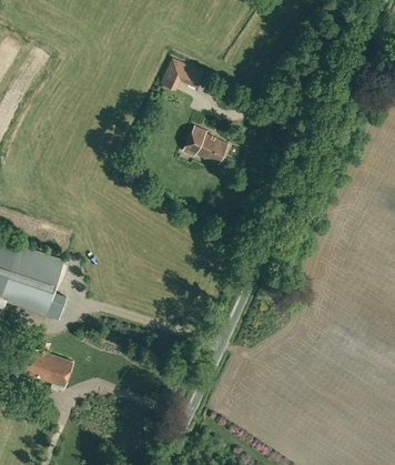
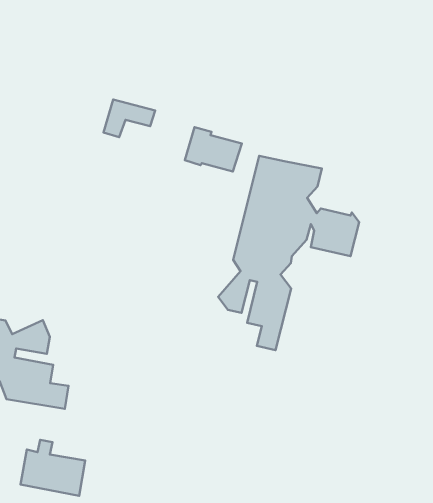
building: [161,61,202,90] -> [104,100,155,137]
building: none -> [218,156,359,350]

